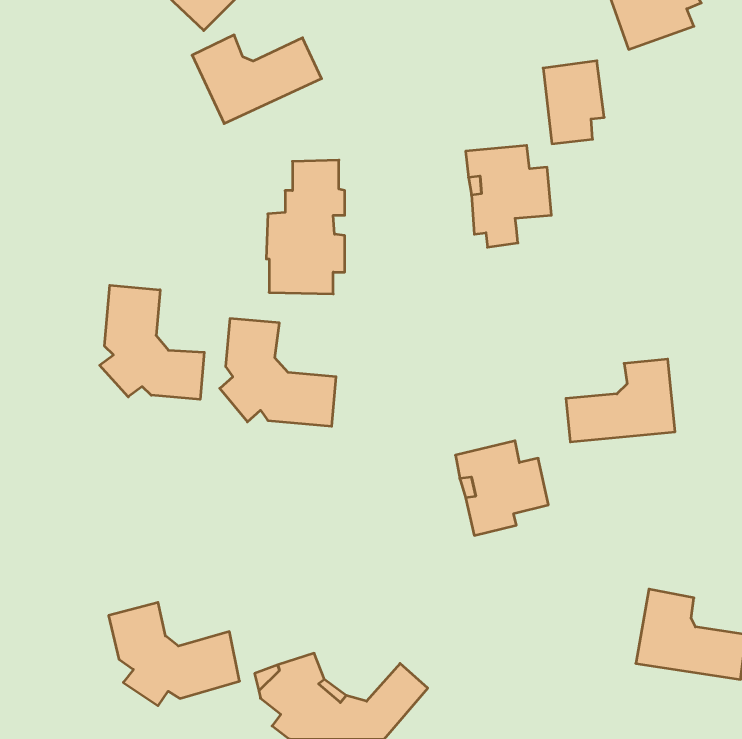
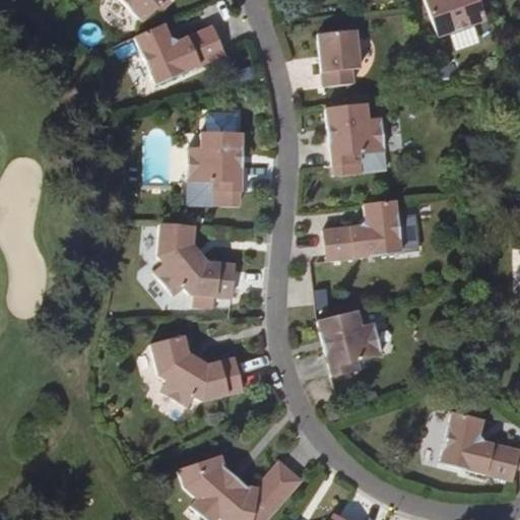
building: [543,61,604,144] -> [321,27,364,85]
building: [100,285,204,399] -> none
building: [566,359,675,442] -> [325,200,401,258]
building: [109,602,240,706] -> [150,335,242,407]

